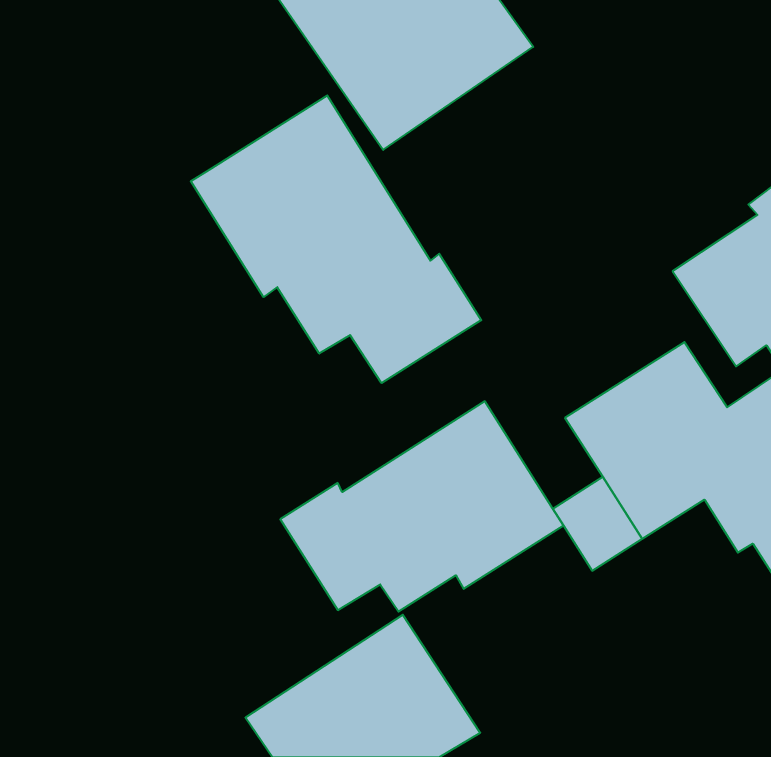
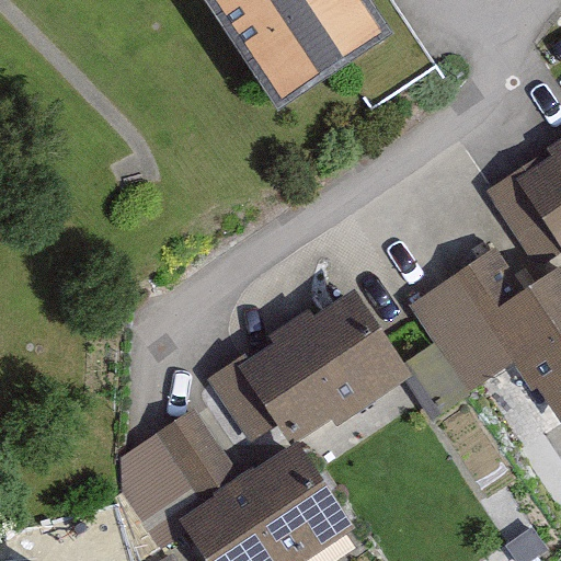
building: [191,95,481,383] -> none
building: none -> [124,411,226,515]

